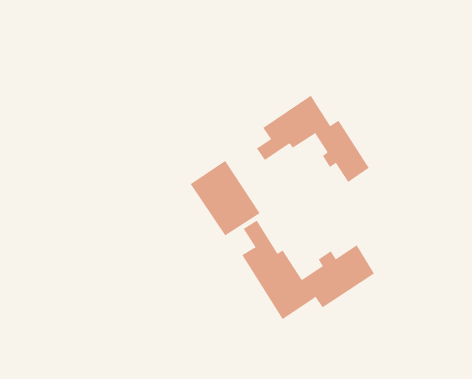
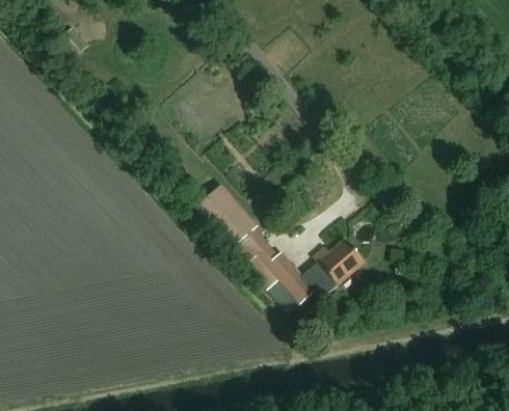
building: [256,95,370,183] -> none

